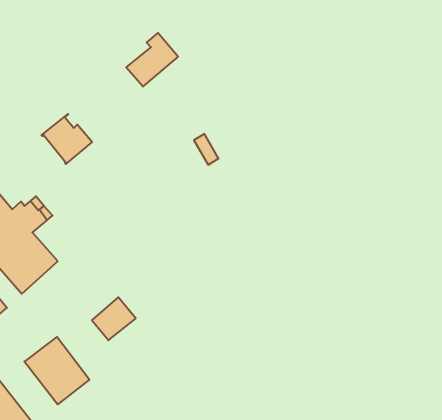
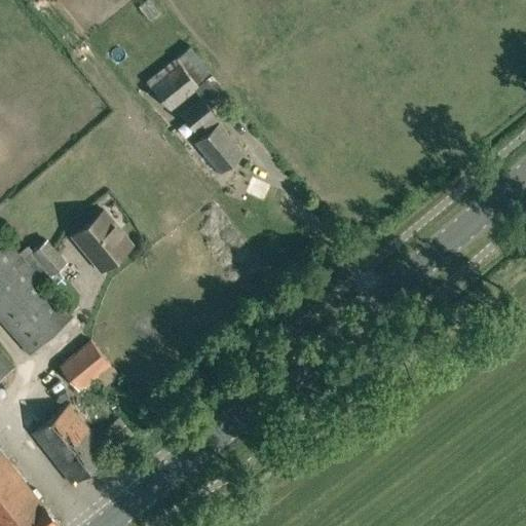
building: none -> [181,100,241,173]
building: [41,114,92,164] -> [72,213,132,271]
building: [92,297,136,340] -> [58,341,109,391]

